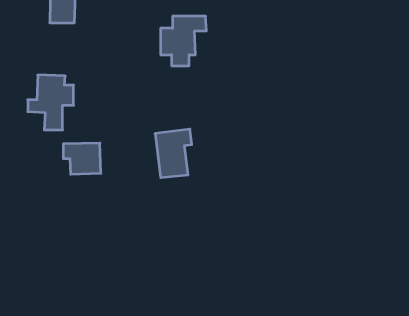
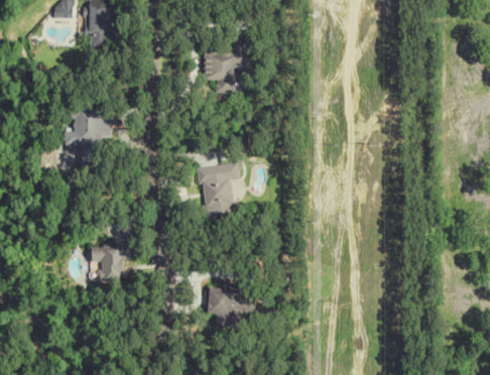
building: [63,143,101,174] -> [88,246,129,280]
building: none -> [207,292,252,327]

